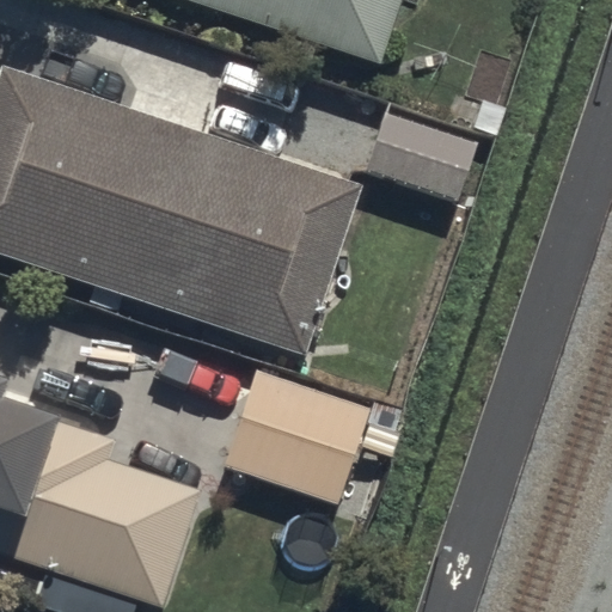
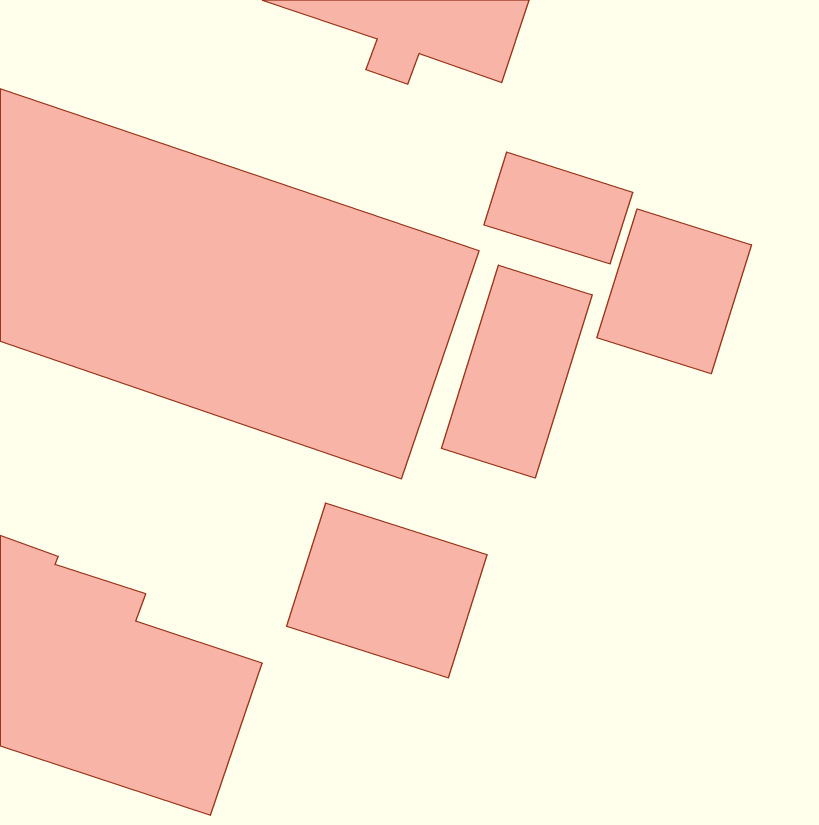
building: none -> [597,209,751,374]
building: none -> [442,265,592,478]

